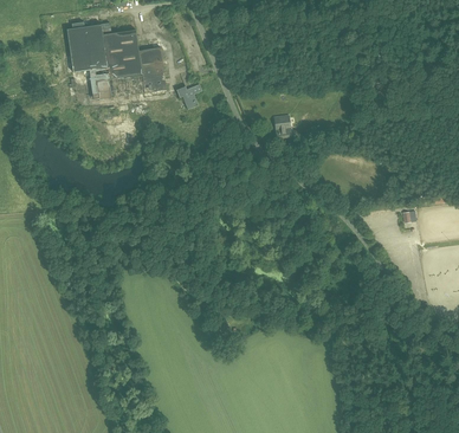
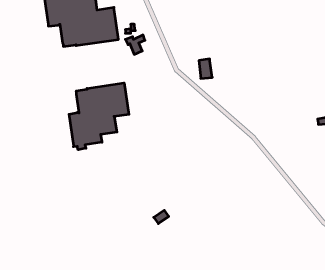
building: none -> [69,83,129,150]

